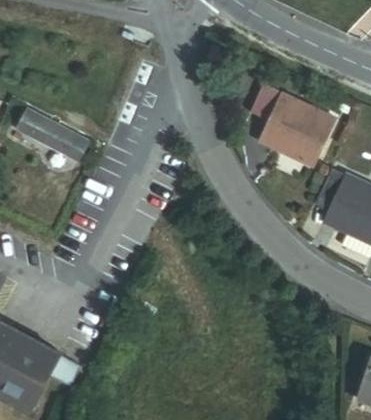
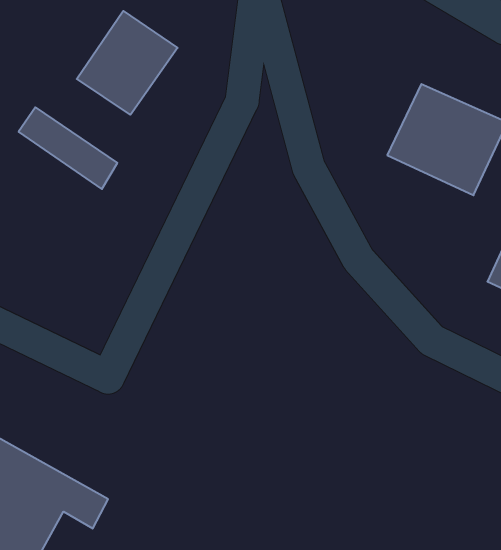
building: none -> [77,11,178,115]

